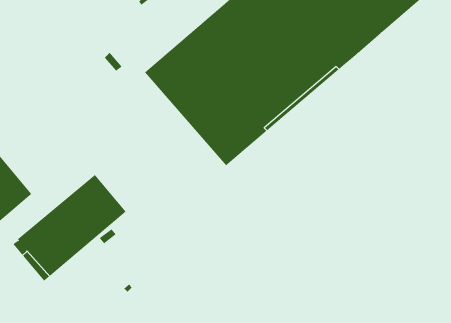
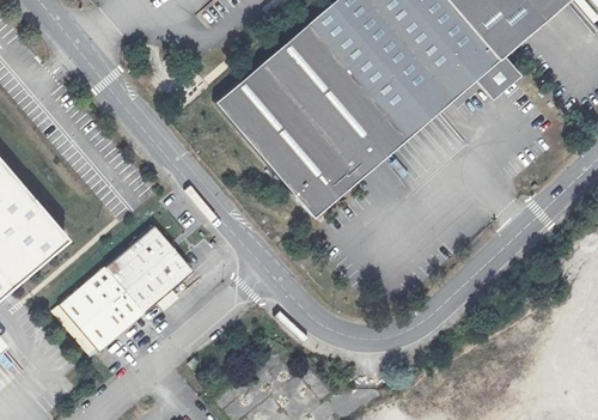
building: none -> [475,55,520,101]

